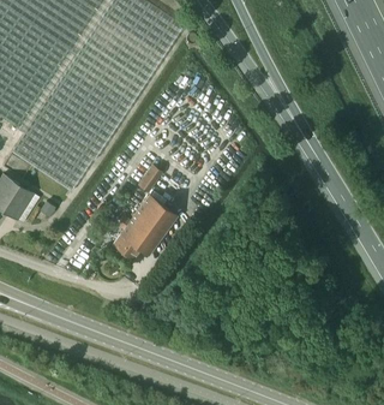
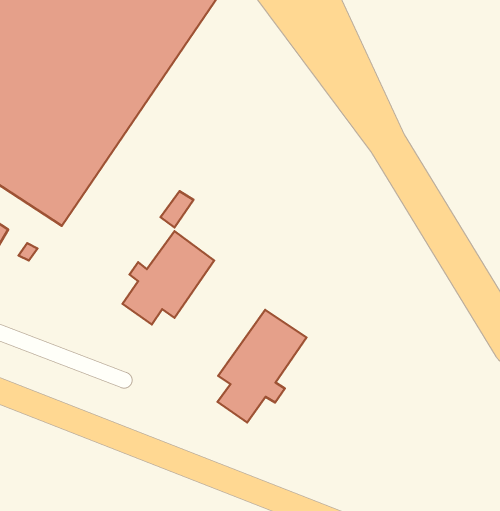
building: none -> [218,310,306,423]

